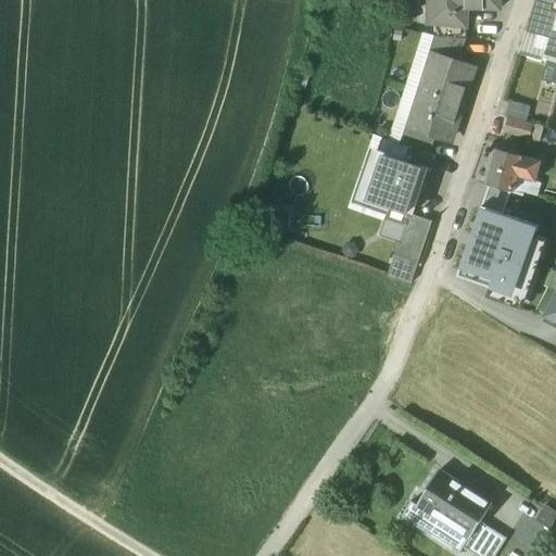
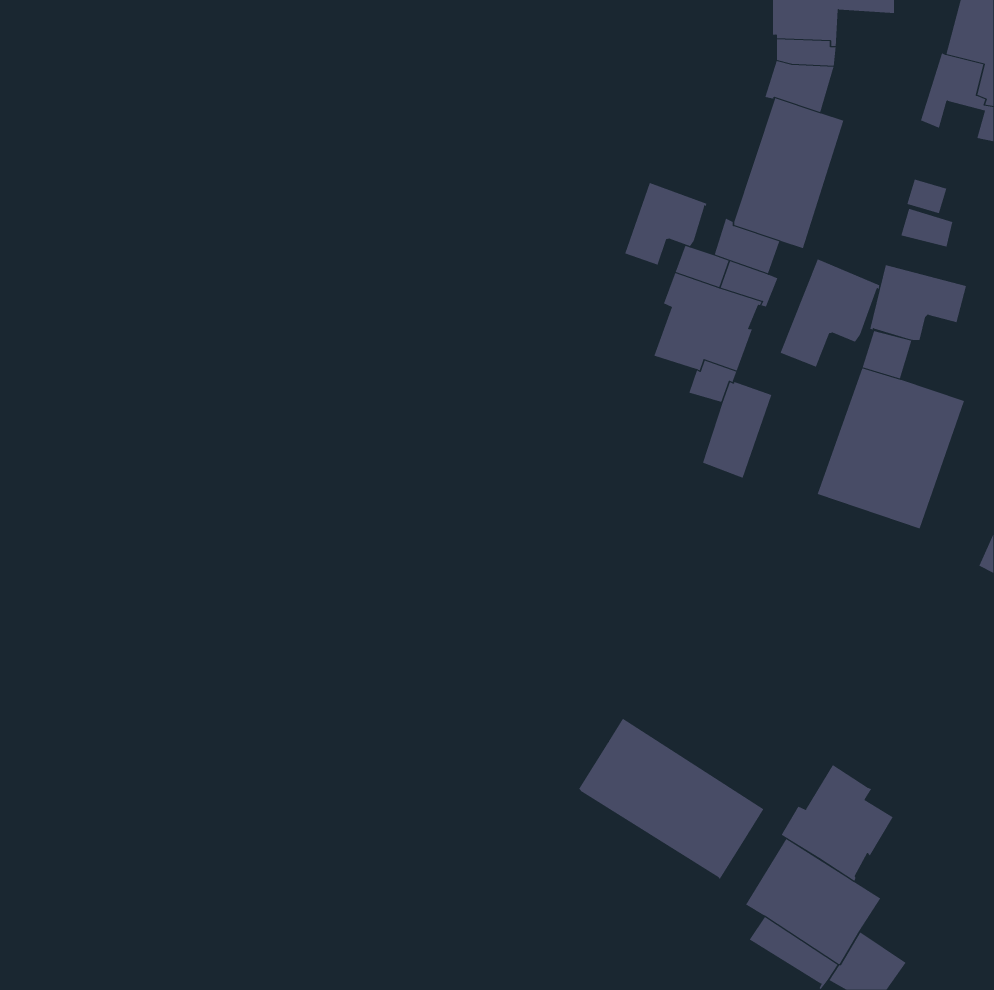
building: none -> [624,182,707,266]
building: none -> [780,259,880,368]
building: none -> [579,718,764,880]
building: none -> [781,764,894,882]

